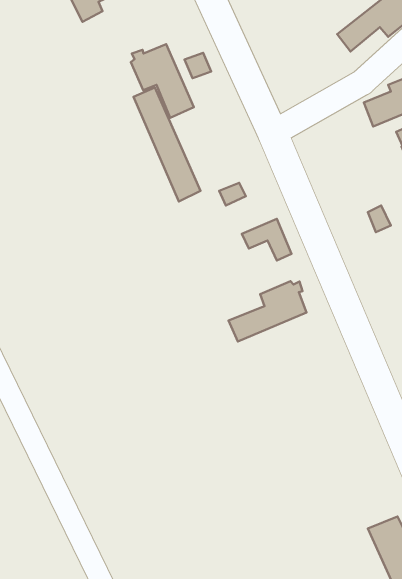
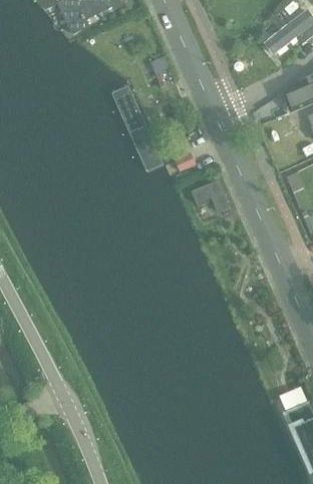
building: [131,44,194,118] -> none
building: [229,281,307,341] -> none

